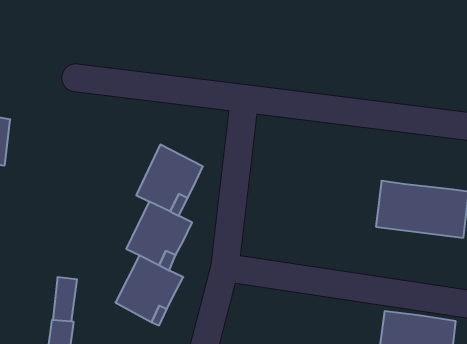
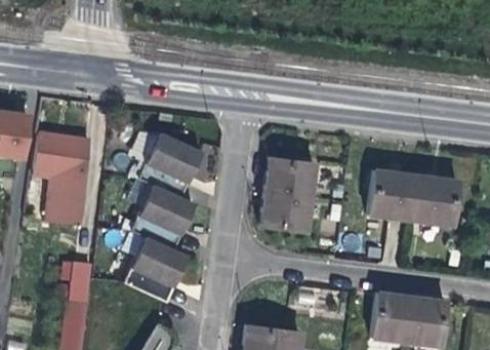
building: none -> [34,132,89,223]
building: none -> [260,156,313,231]

